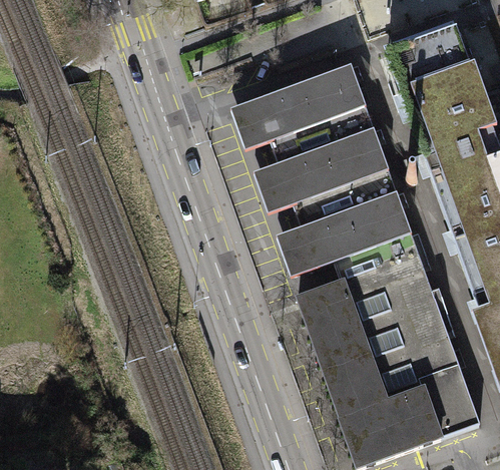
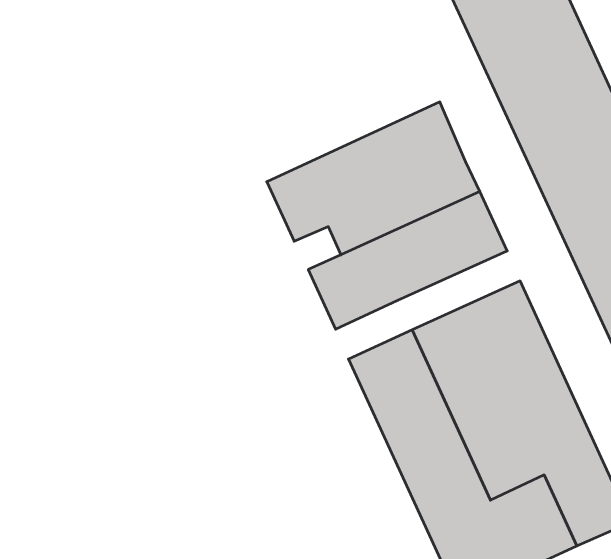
building: [229,64,375,162] -> none
building: [335,232,419,281] -> none

